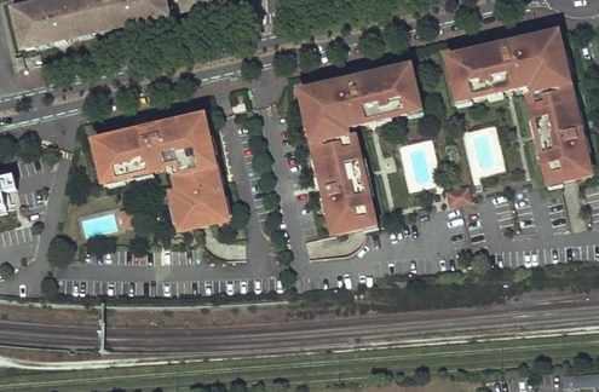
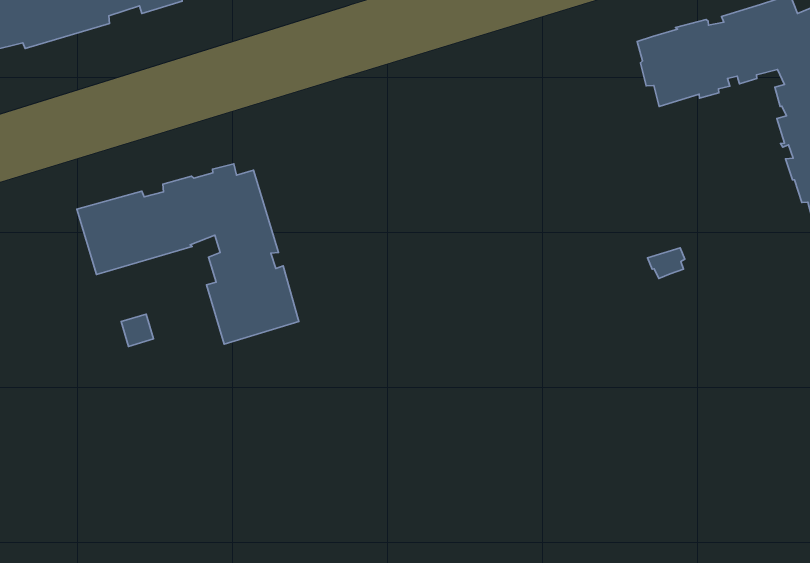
building: [303,68,417,234] -> none

